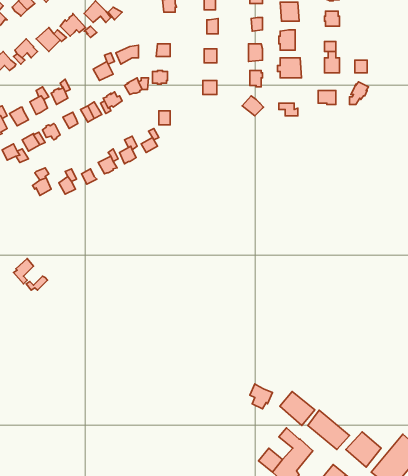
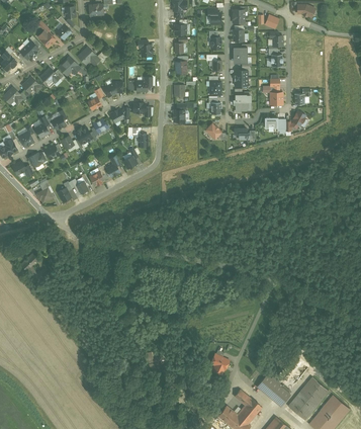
building: [280,392,315,426] -> none
building: none -> [300,376,328,405]

